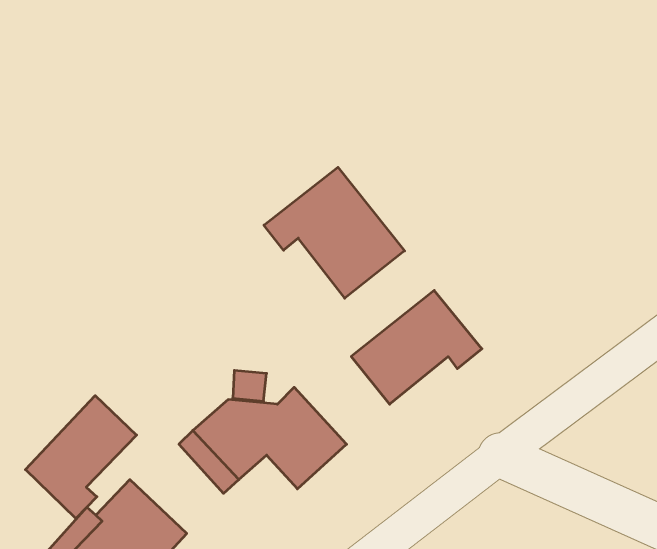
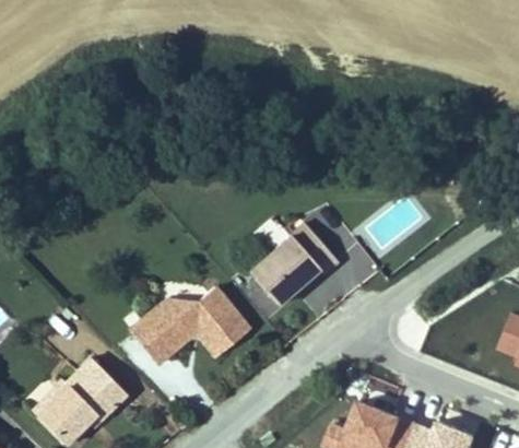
building: [264,167,405,298] -> none
building: [25,396,137,519] -> none

